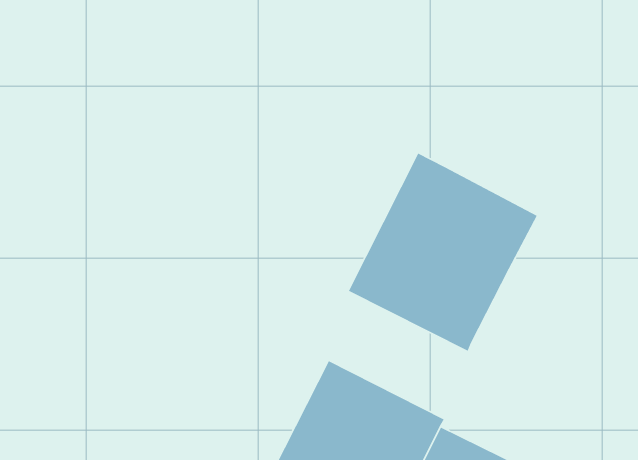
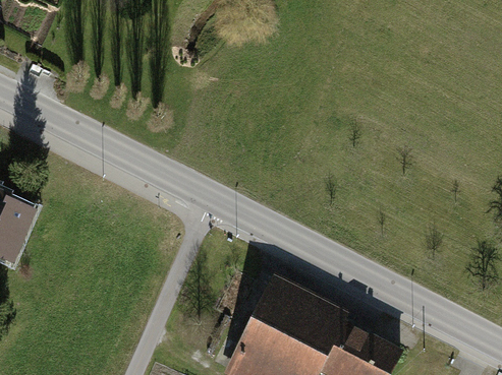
building: [348,152,538,352] -> none

